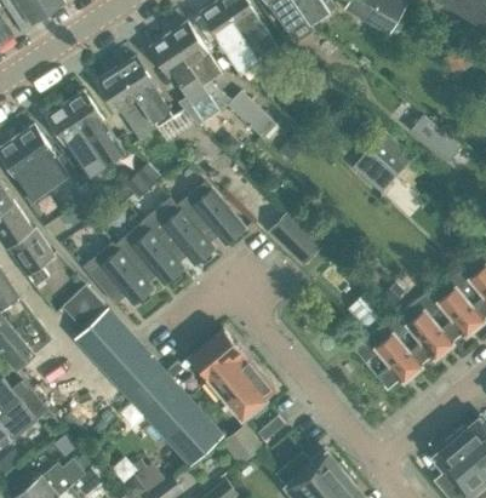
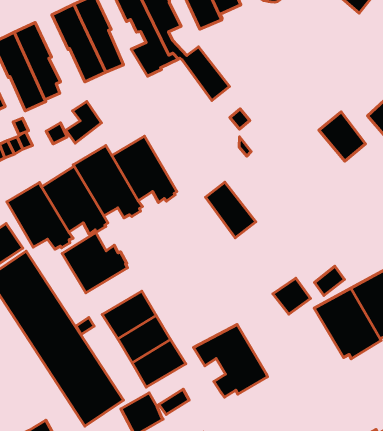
building: [353,151,396,194] -> none
building: none -> [62,233,127,293]
building: [351,320,425,390] -> [194,325,267,397]

